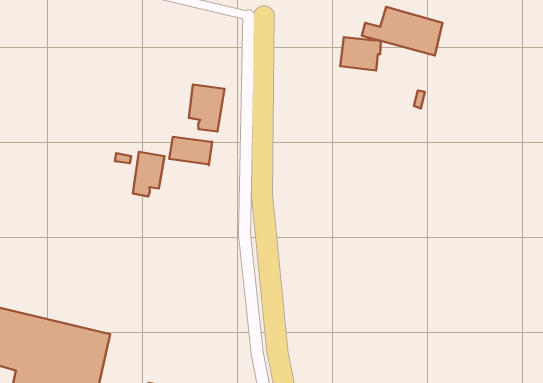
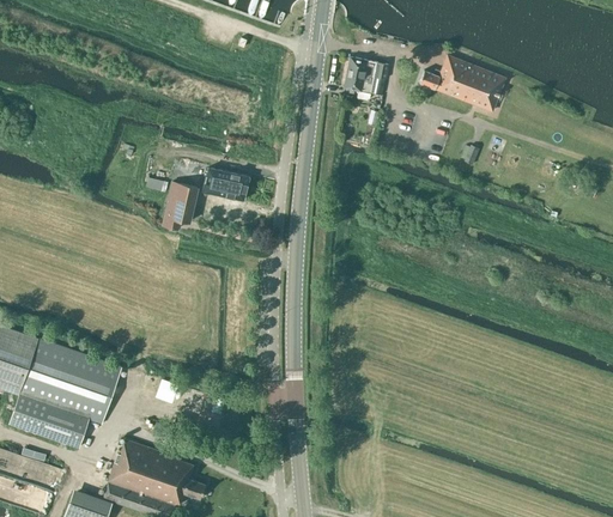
building: [340,37,381,70] -> [342,57,388,96]
building: [189,84,225,131] -> none

